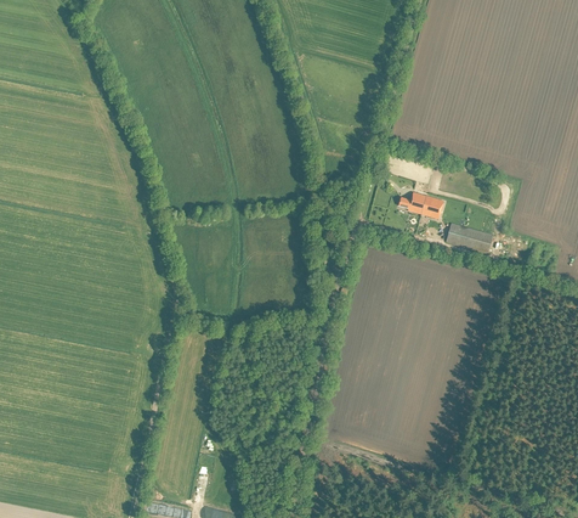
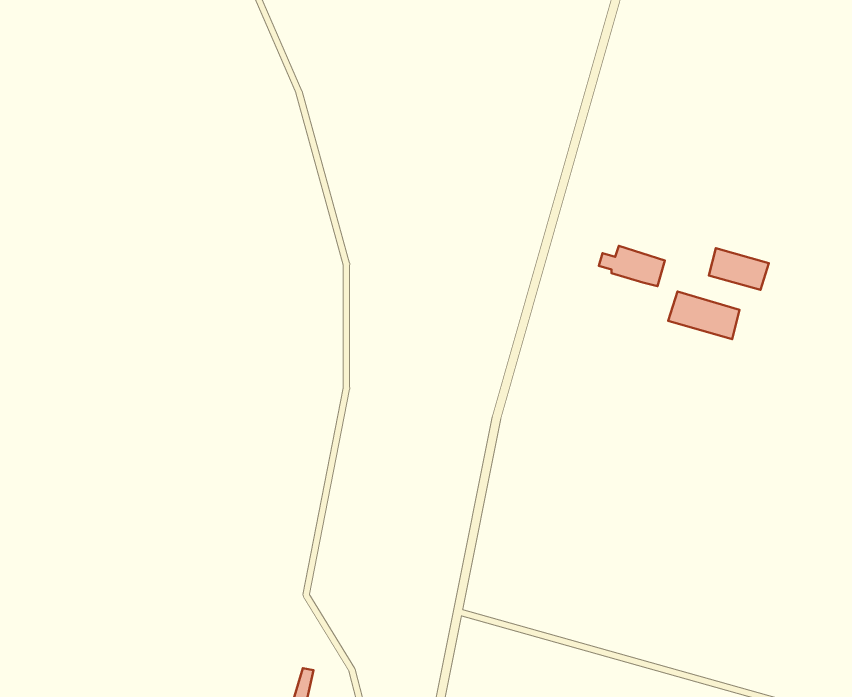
building: none -> [709,248,769,290]

